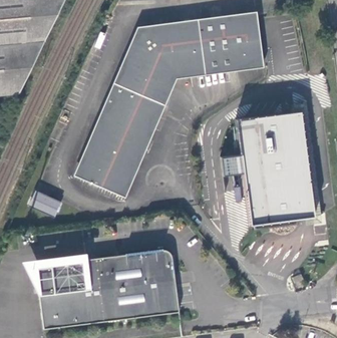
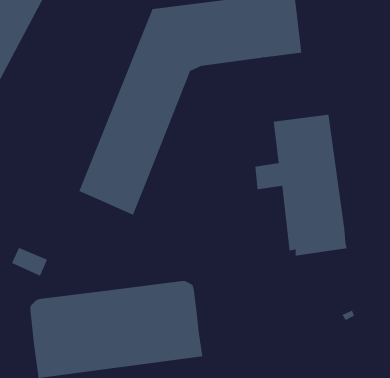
building: [283,110,314,219] -> none
building: [30,193,60,217] -> [11,247,48,276]

